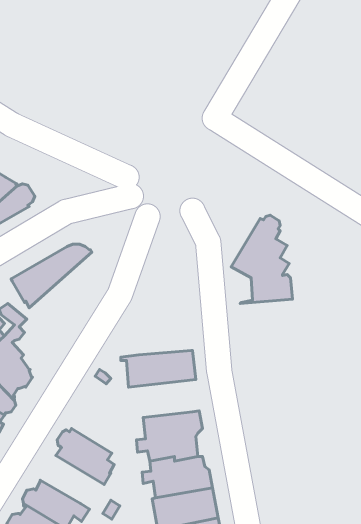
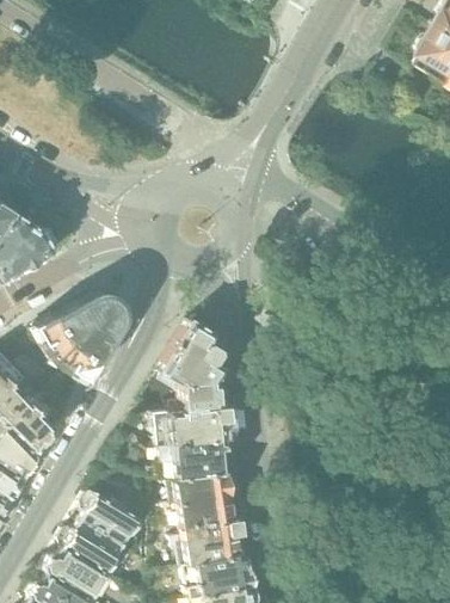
building: [231,215,293,304] -> [160,318,226,412]
building: none -> [53,302,124,384]
building: none -> [159,438,232,479]
building: none -> [61,519,132,571]

